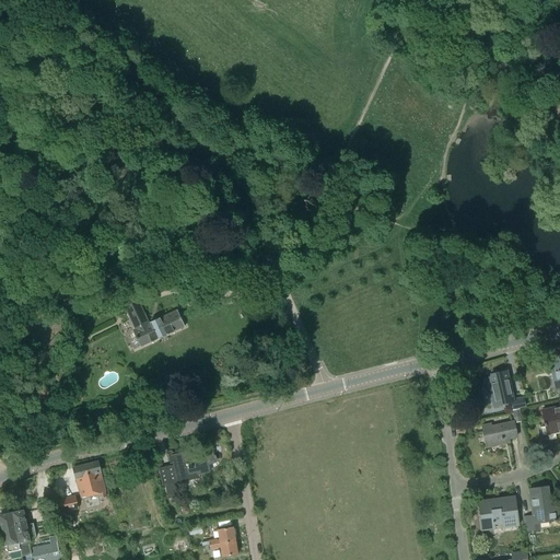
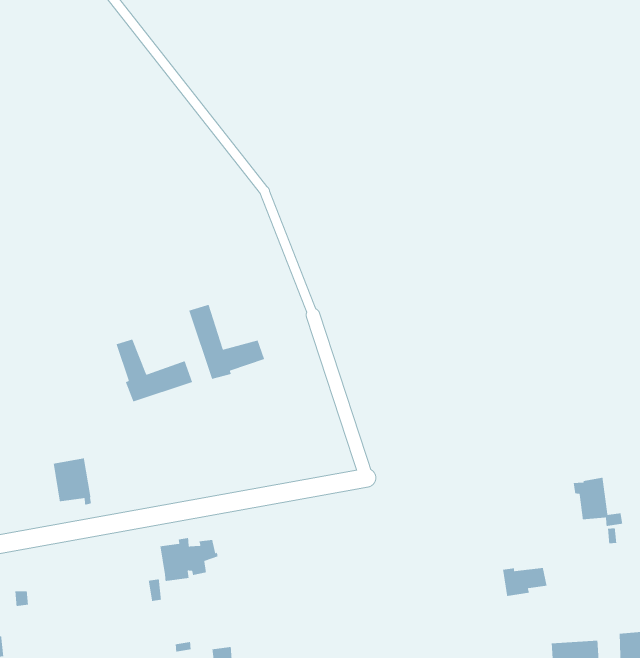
building: none -> [188,304,265,380]
building: [481,421,517,446] -> [502,567,547,597]
building: [73,460,106,498] -> [53,458,92,506]

